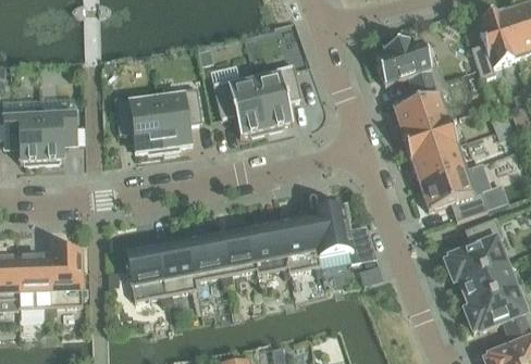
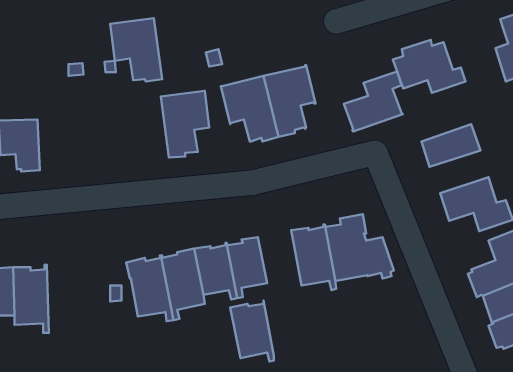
building: [393,77,448,134] -> [344,71,403,131]
building: [114,91,163,151] -> [110,18,162,81]
building: [39,111,77,161] -> none
building: [409,142,465,183] -> none
building: [247,217,288,275] -> [230,300,274,362]
building: [48,249,83,314] -> none

